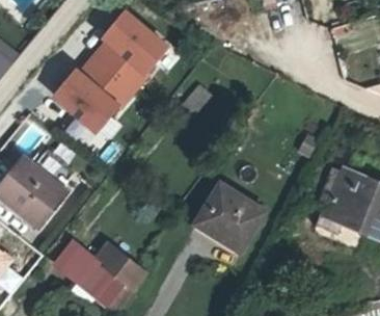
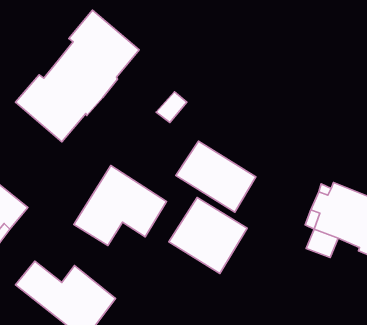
building: none -> [176,141,256,212]
building: none -> [74,166,167,245]

